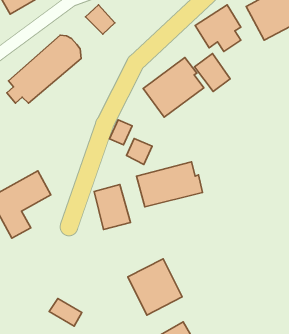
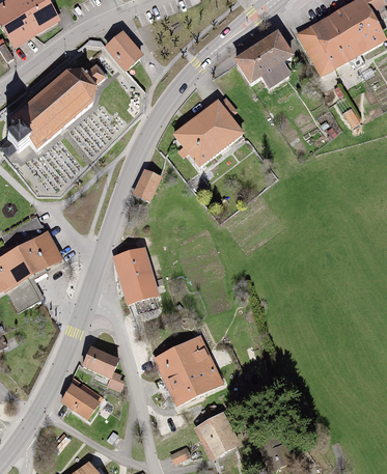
building: [194,53,230,91] -> none
building: [126,139,152,165] -> none
building: [136,162,203,207] -> none
building: none -> [83,346,125,390]

